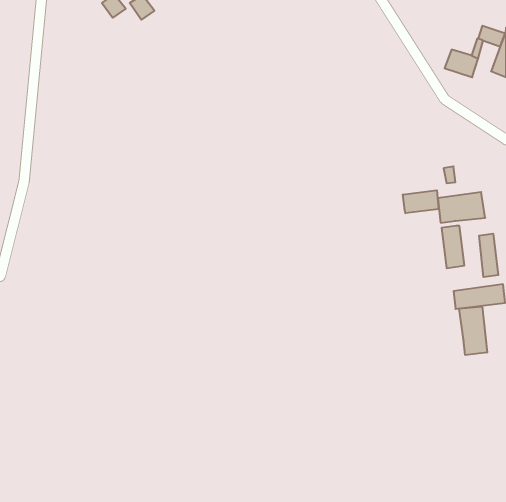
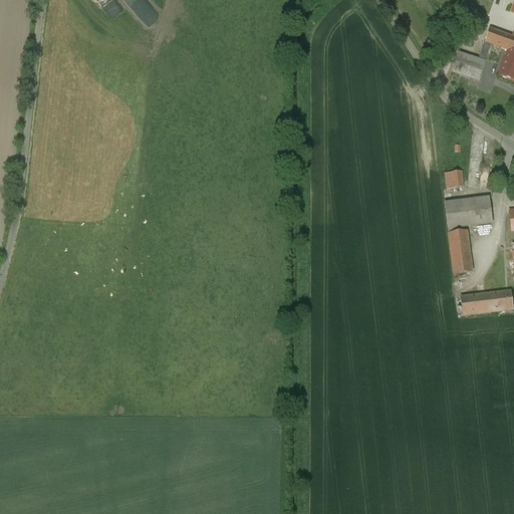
building: [403,190,439,213] -> none
building: [479,234,498,277] -> none
building: [459,307,487,355] -> none

